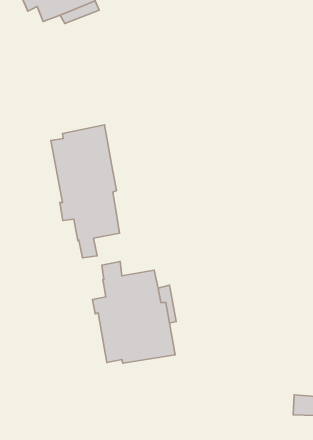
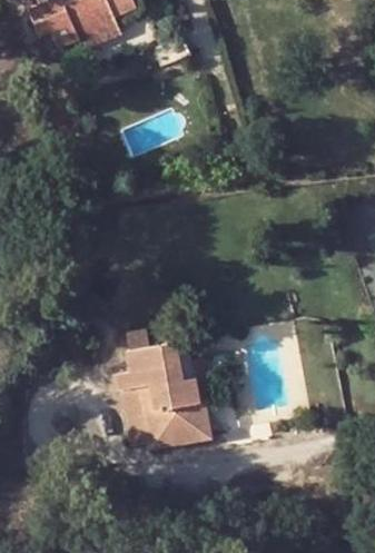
building: [51,125,120,258] -> none

